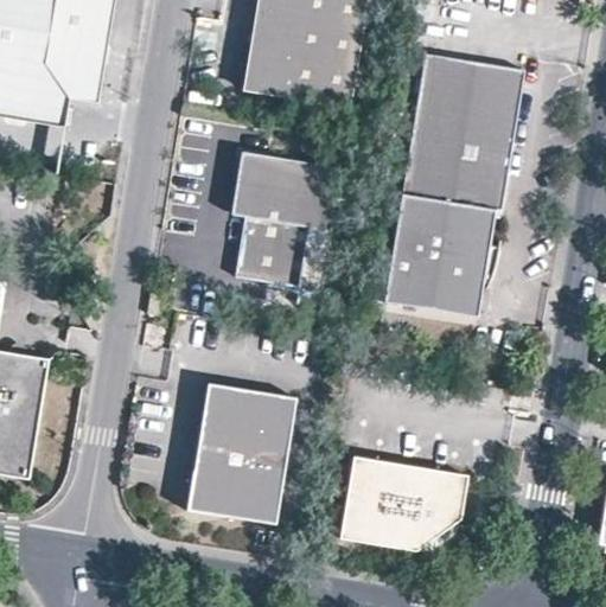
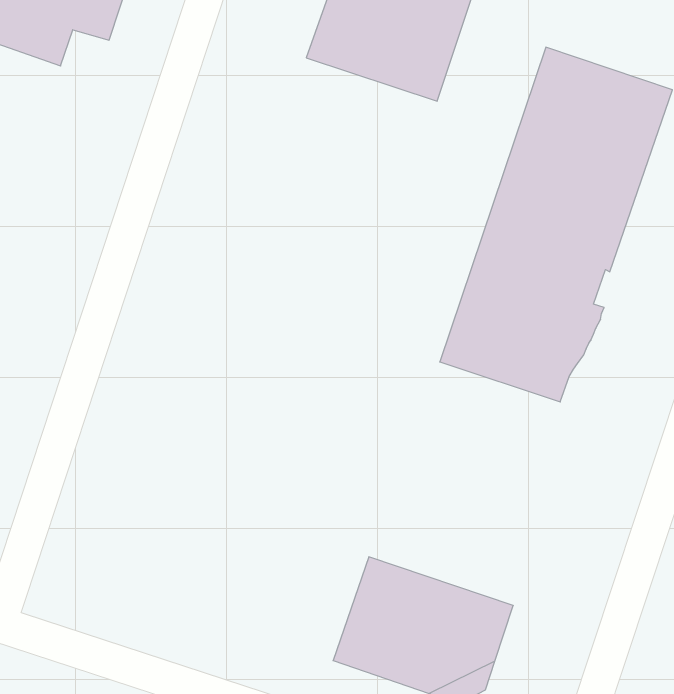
building: [232,151,339,289] -> none
building: [186,379,294,522] -> none

